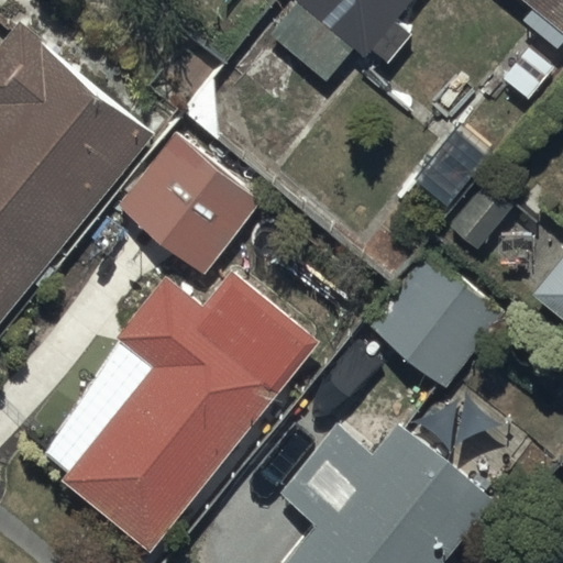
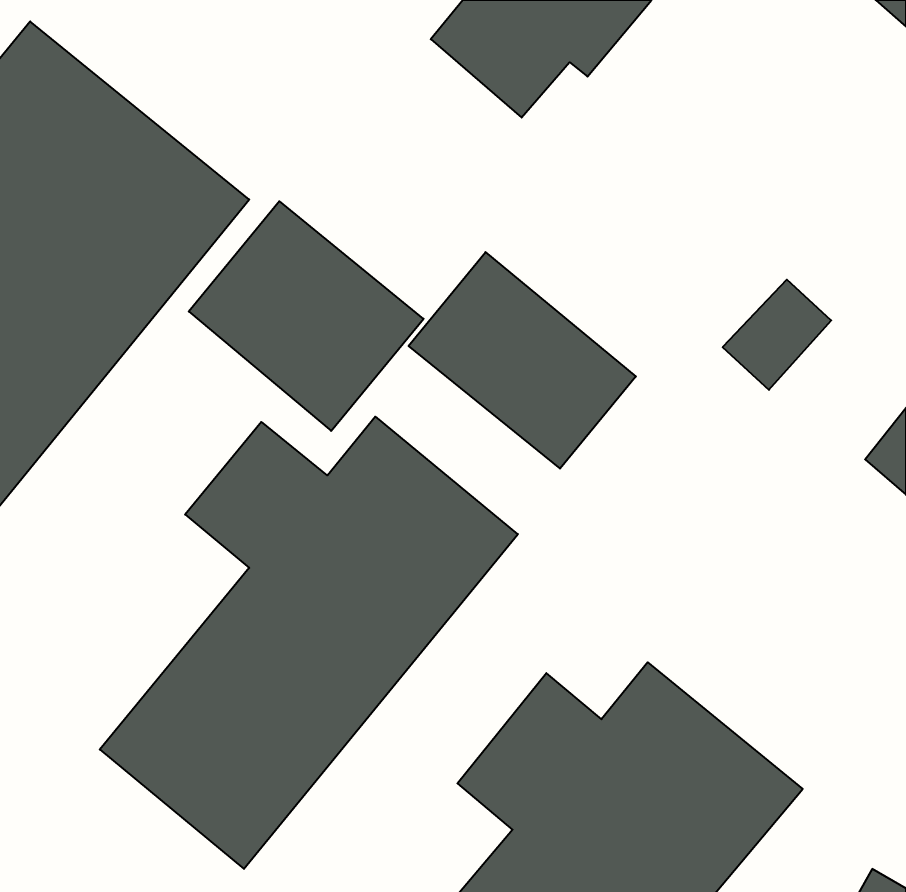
building: none -> [409,252,636,469]
building: [369,257,503,389] -> none

